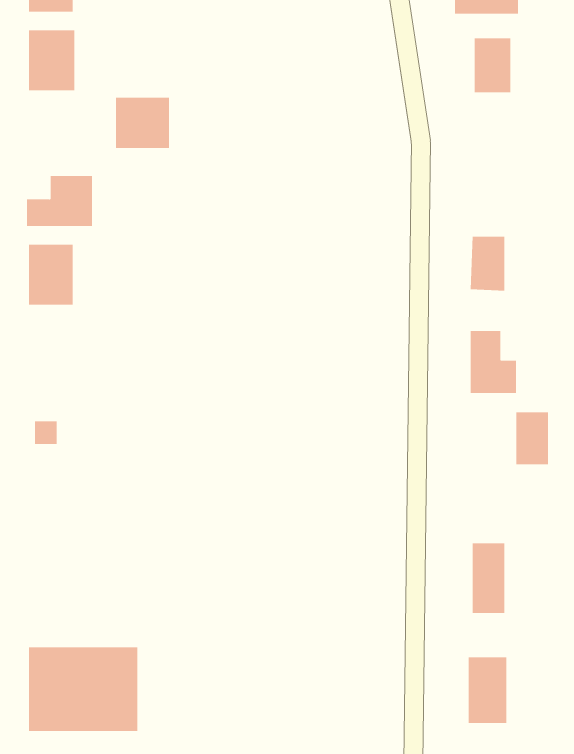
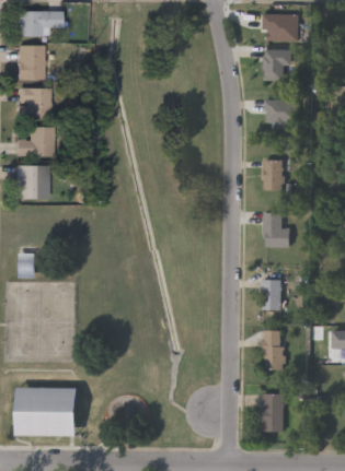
building: [115,97,170,148] -> [19,87,49,116]
building: none -> [266,99,287,131]
building: [516,412,549,465] -> [262,280,280,309]

